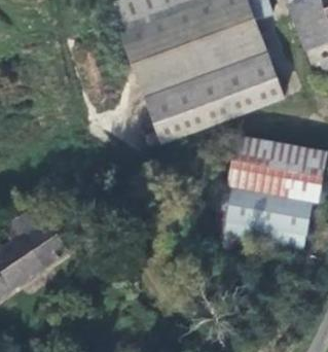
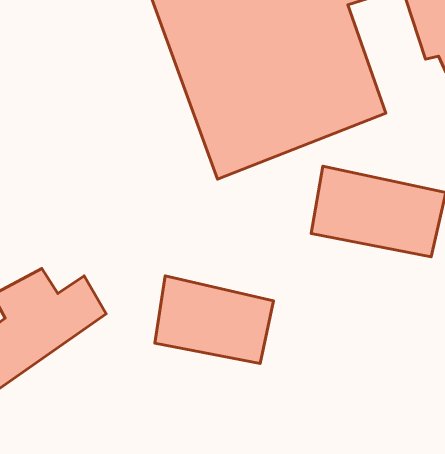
building: [226,189,309,251] -> [155,276,273,364]

